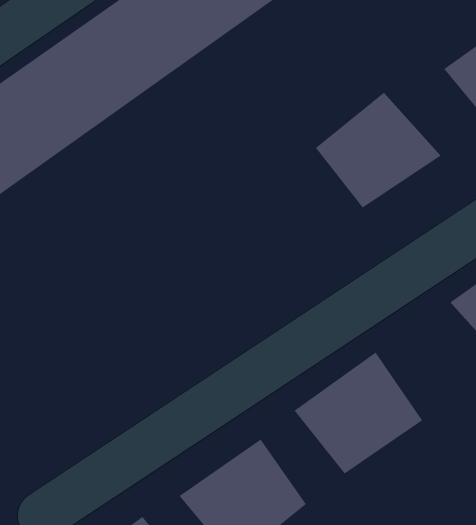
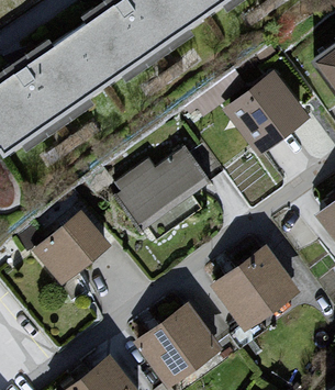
building: none -> [118,151,206,232]
building: none -> [33,212,114,287]

